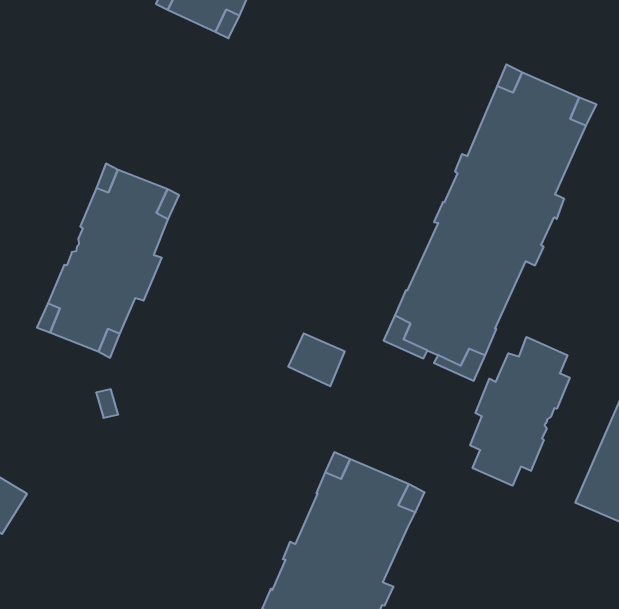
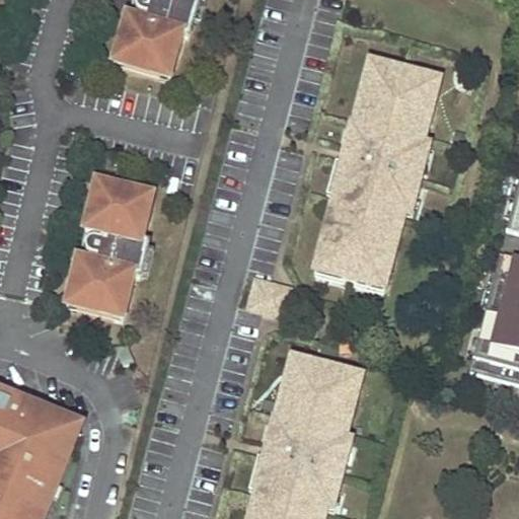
building: [470,337,570,486] -> none

